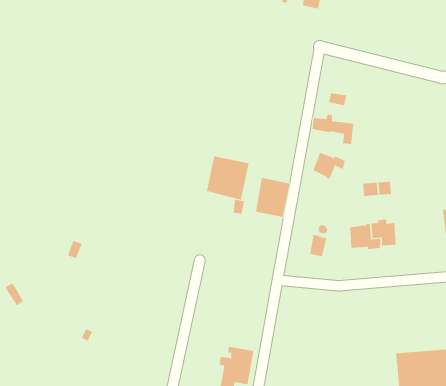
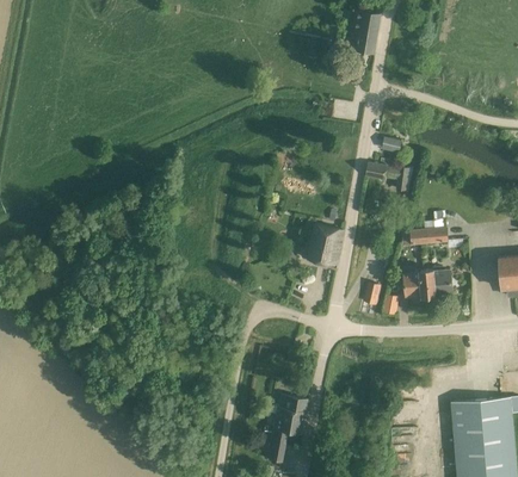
building: [313,152,346,179] -> none
building: [206,156,249,200] -> none

